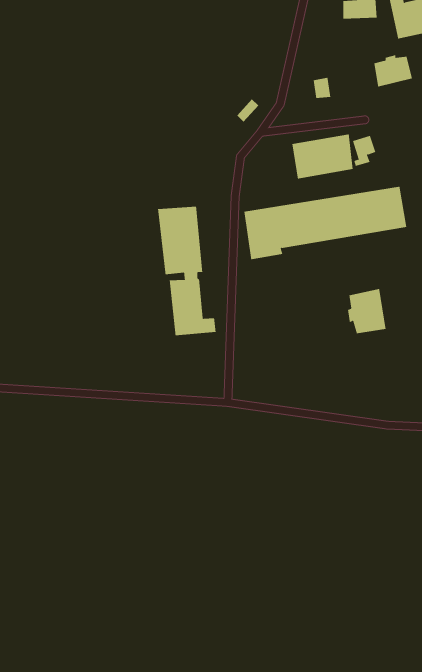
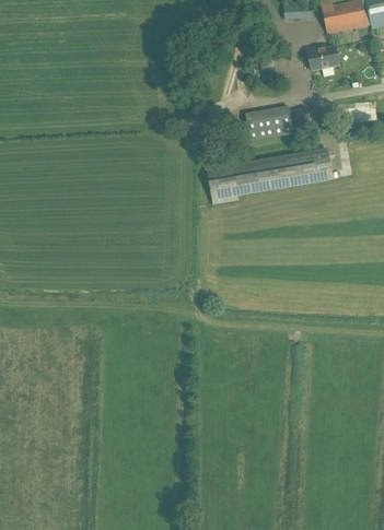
building: [157,206,216,336] -> none
building: [347,288,386,334] -> none

